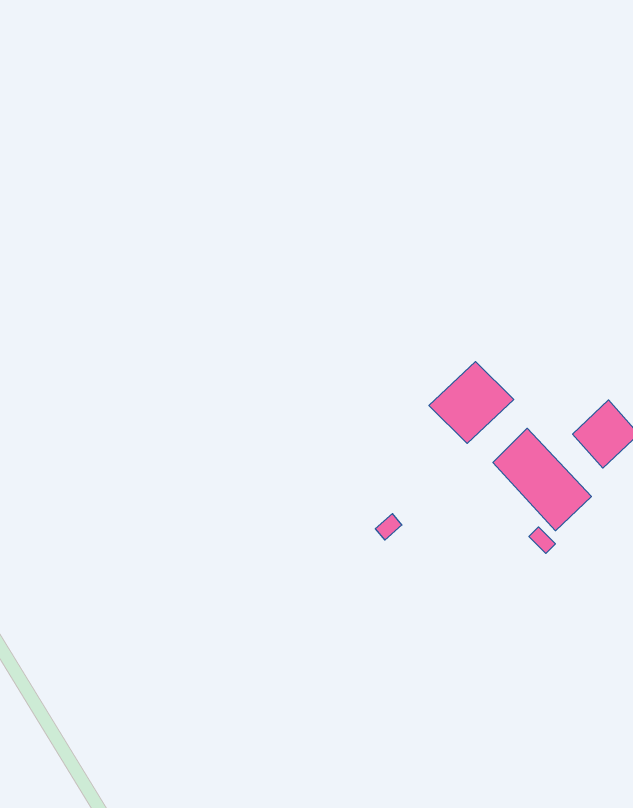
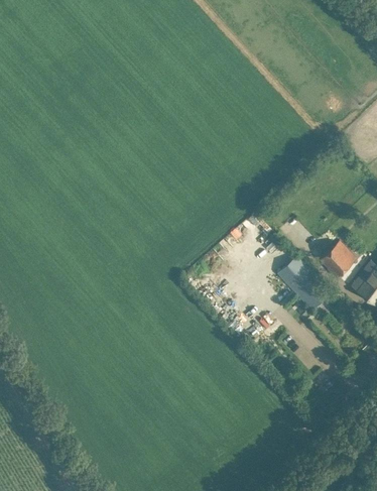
building: [429,362,514,443] -> none

